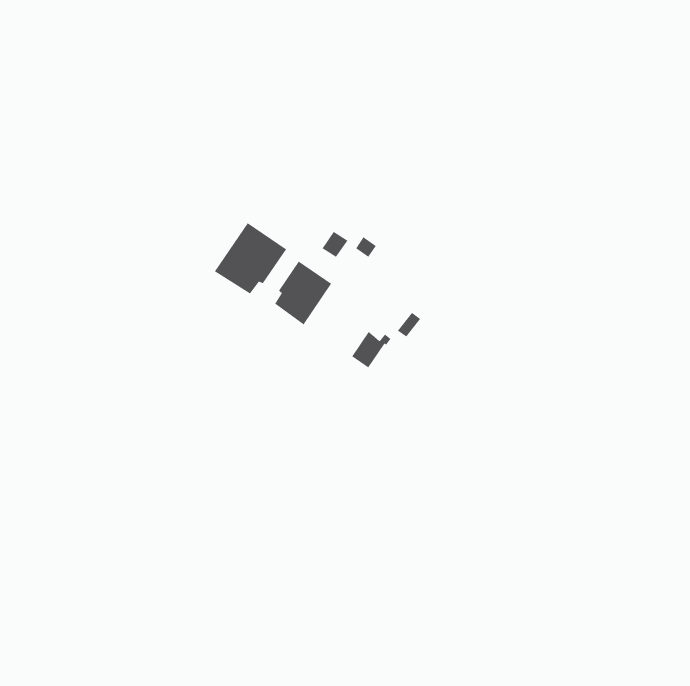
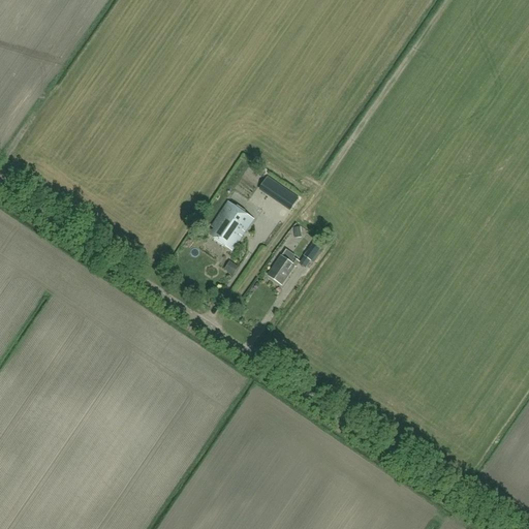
building: [214,222,287,295] -> none

